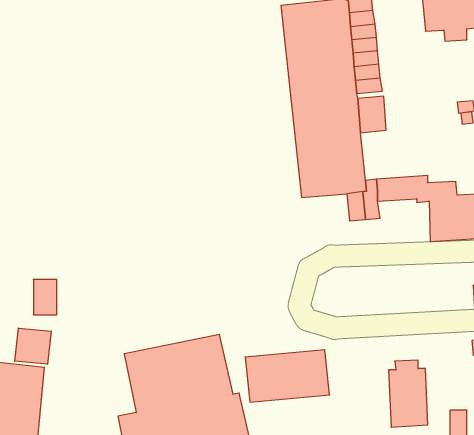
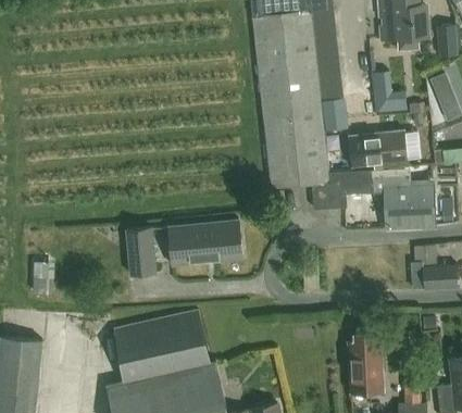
building: none -> [371,72,394,114]
building: none -> [348,130,409,168]
building: none -> [127,226,155,275]
building: [15,328,51,364] -> none
building: [245,350,330,402] -> [168,218,244,265]

